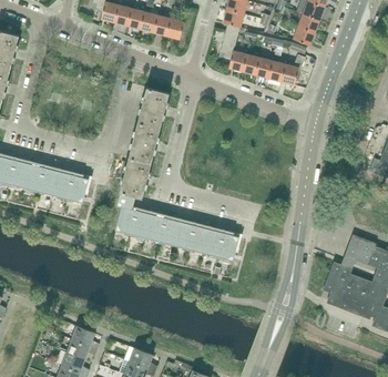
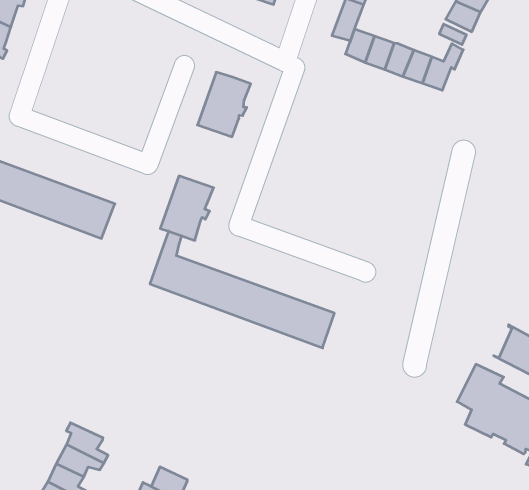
building: [129,123,161,163] -> none

